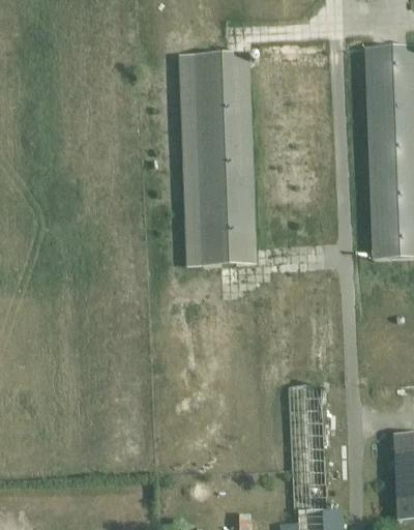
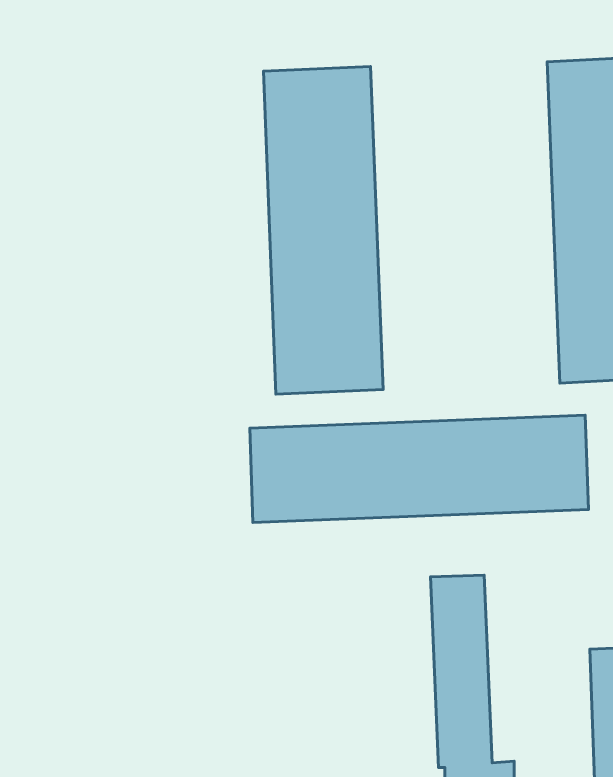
building: none -> [250,415,588,523]

